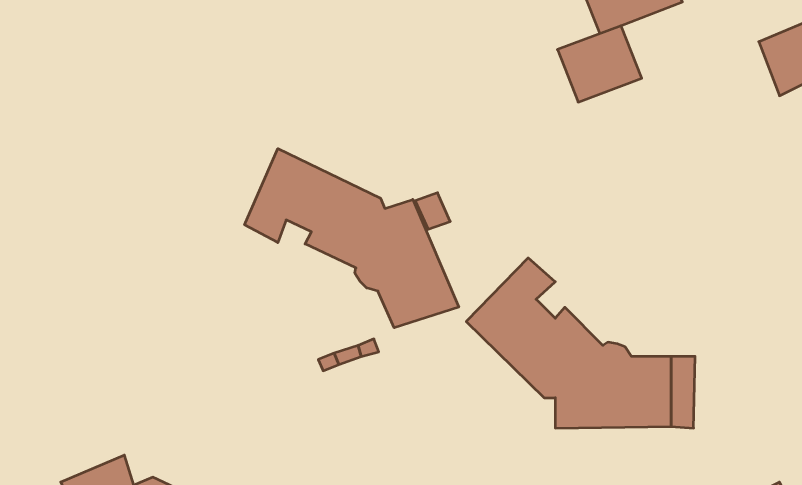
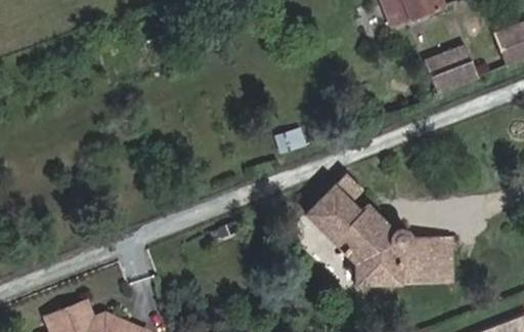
building: [557,26,642,102] -> [426,45,480,94]
building: [245,149,459,328] -> none

